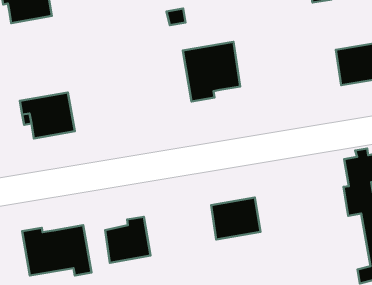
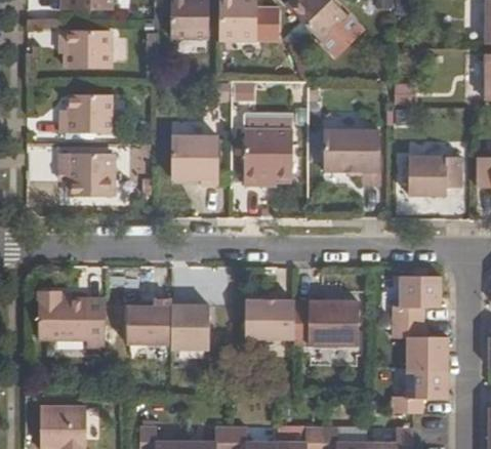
building: none -> [324,130,380,186]
building: none -> [59,95,111,132]
building: none -> [171,136,218,185]
building: none -> [294,300,359,345]
building: none -> [171,300,209,351]

